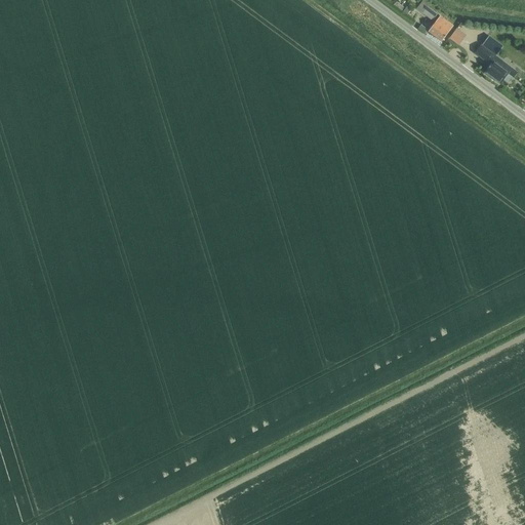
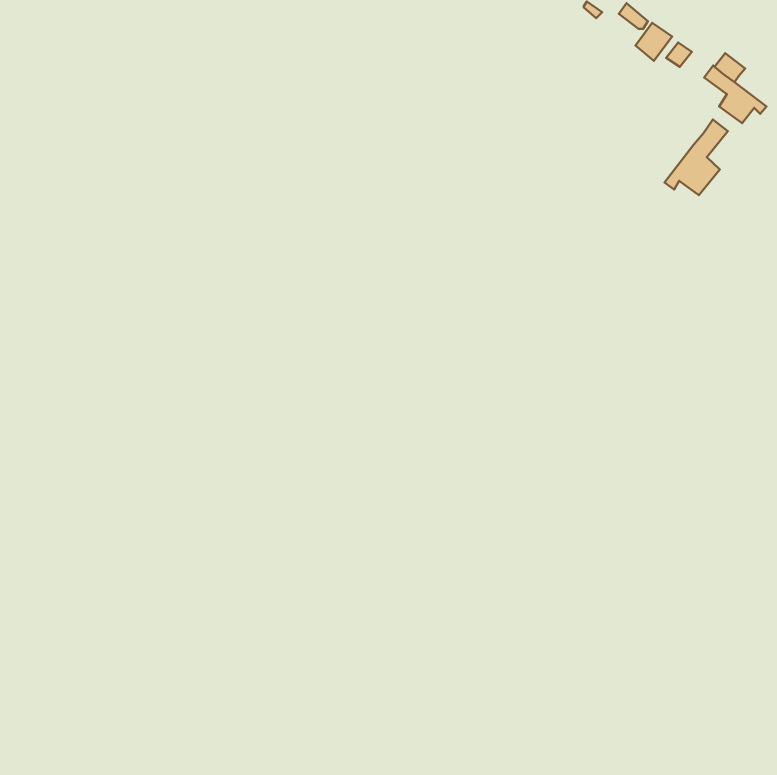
building: none -> [664,119,728,195]

